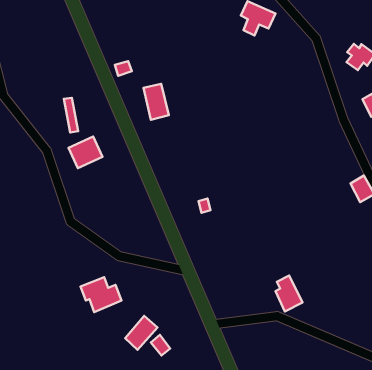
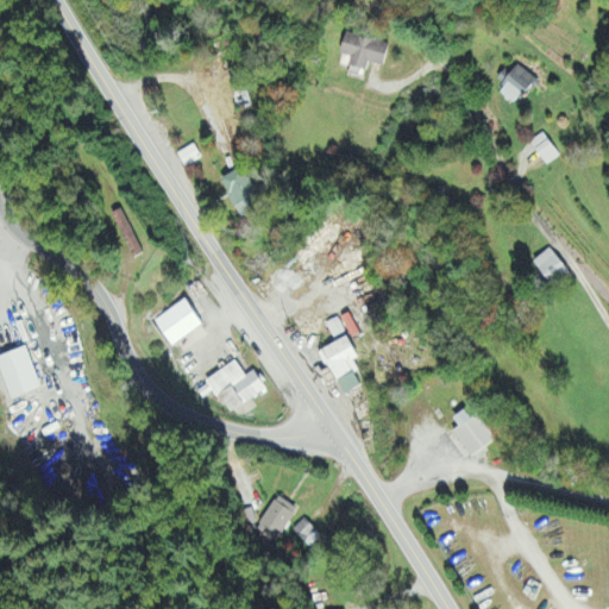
building: [68,137,103,168] -> [152,297,202,345]
building: none -> [319,335,364,395]
building: [80,277,122,312] -> [205,360,265,412]

